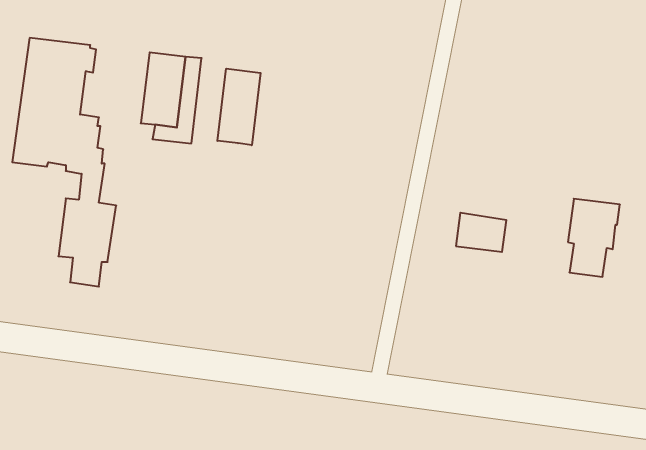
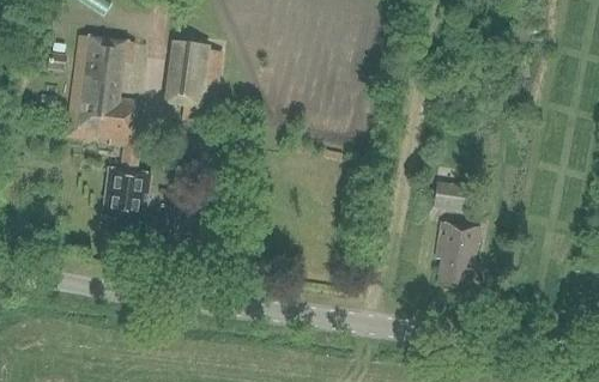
building: [217,69,261,145] -> none
building: [568,199,620,277] -> [436,220,479,285]

